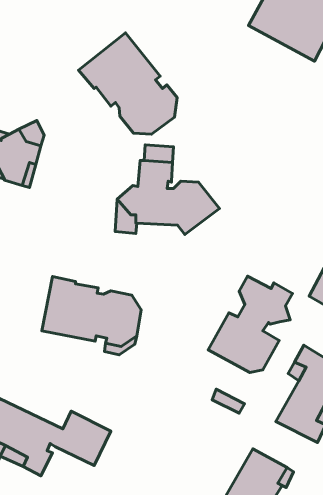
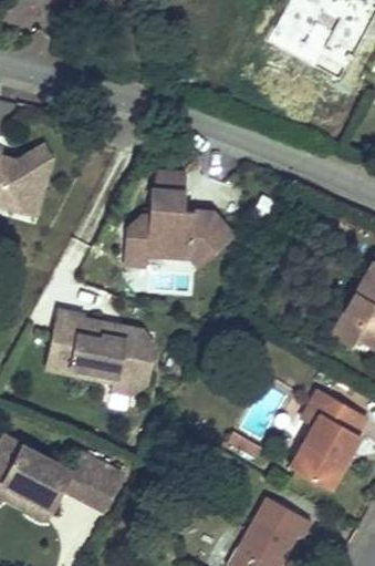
building: [79,33,177,134] -> none
building: [208,276,292,373] -> none

